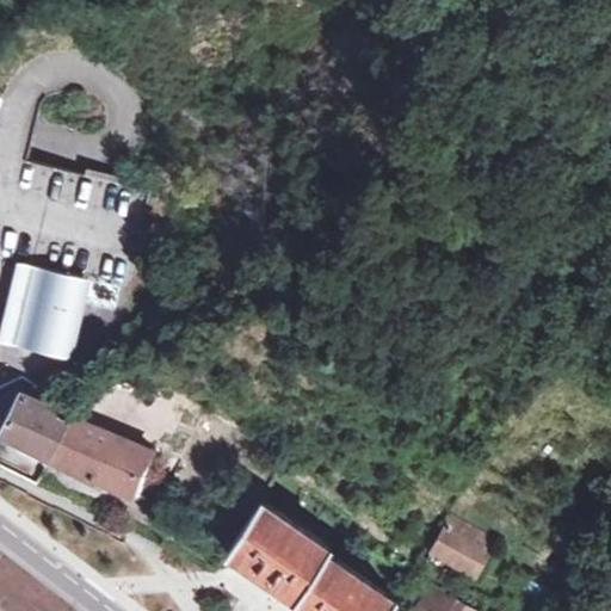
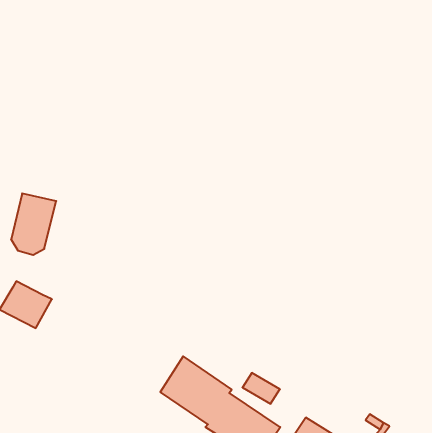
building: [50,422,150,502] -> none
building: [428,532,481,575] -> [242,373,280,404]

